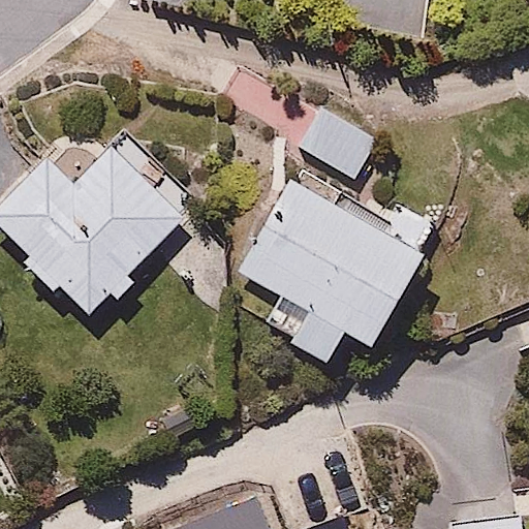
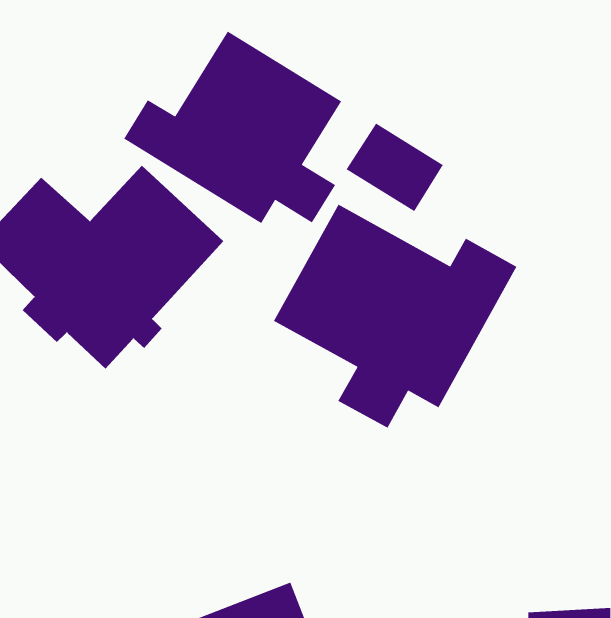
building: none -> [123,31,342,224]

